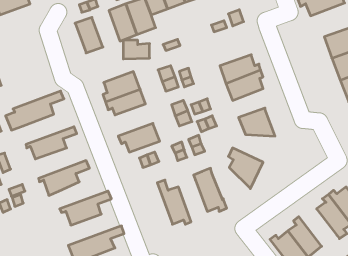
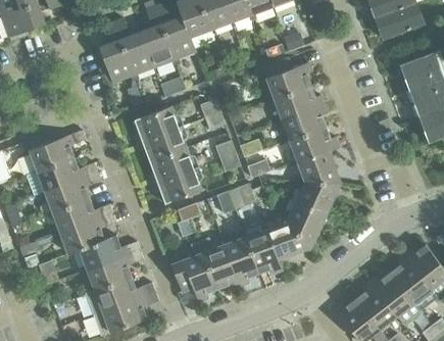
building: none -> [119,33,153,77]
building: none -> [266,63,311,99]
building: none -> [289,127,339,161]
building: none -> [147,145,193,184]
building: none -> [37,157,98,194]
building: none -> [289,182,340,215]
building: none -> [51,198,112,235]
building: none -> [264,222,310,260]
building: none -> [80,235,139,272]
building: none -> [224,237,258,287]
building: none -> [169,240,216,302]
building: none -> [368,272,414,316]
building: none -> [84,278,155,315]

